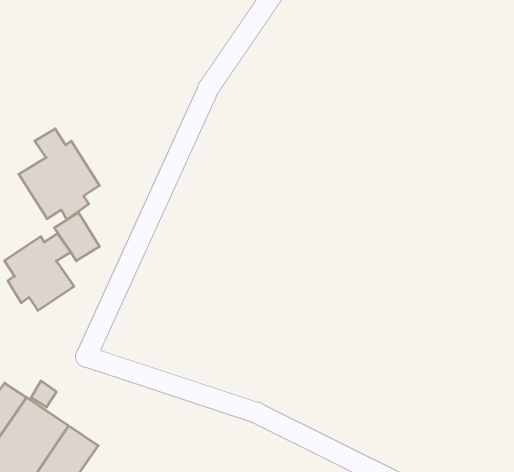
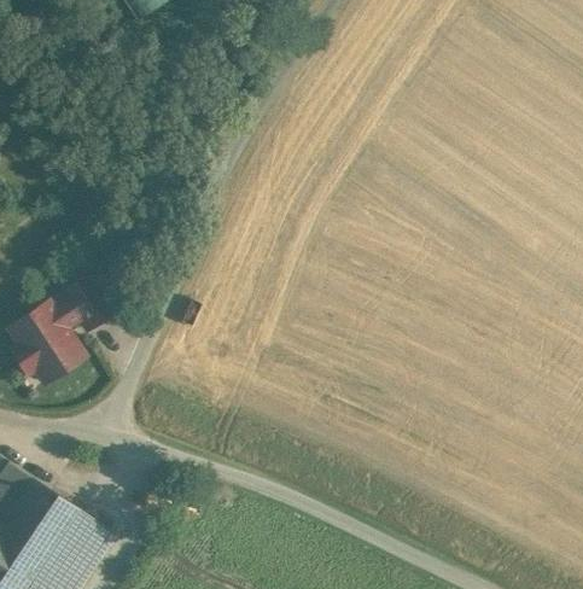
building: [19,129,99,220] -> none

